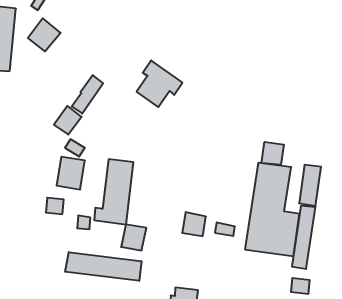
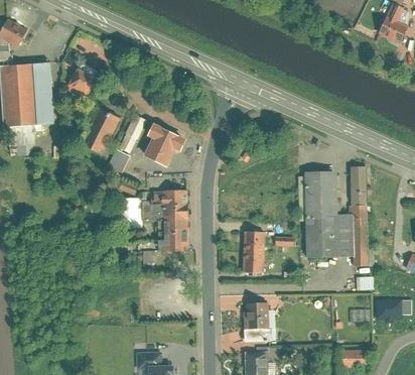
building: [137,60,182,107] -> [144,124,186,167]
building: none -> [82,109,120,156]
building: [262,142,284,165] -> none
building: [121,224,146,250] -> [243,251,264,273]
building: [65,252,141,281] -> none

